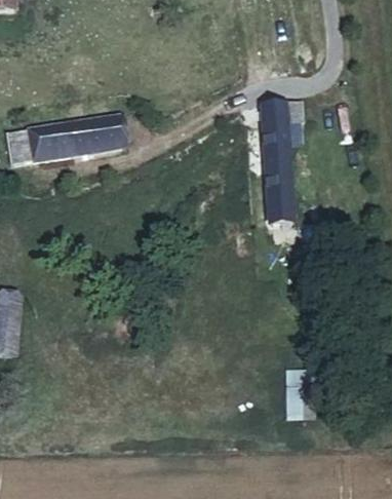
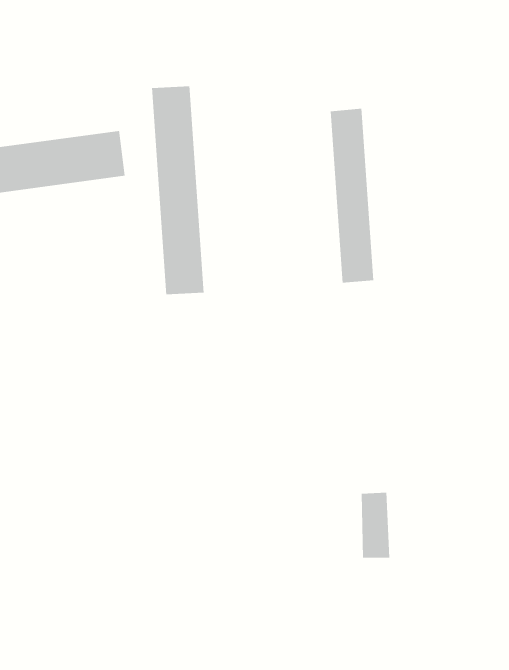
building: none -> [151,86,204,295]

